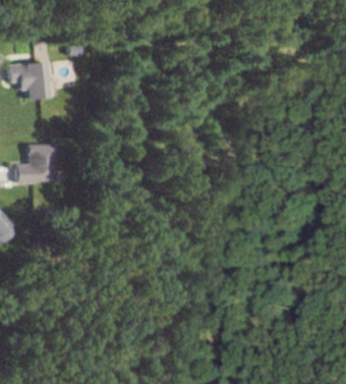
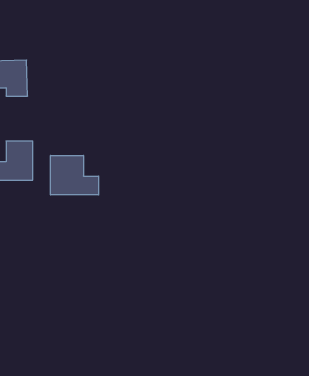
building: none -> [51,155,99,195]

